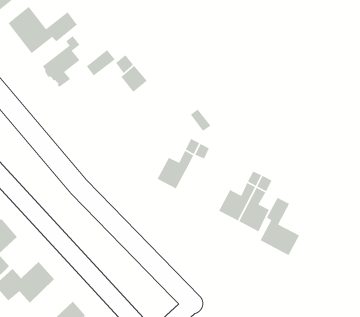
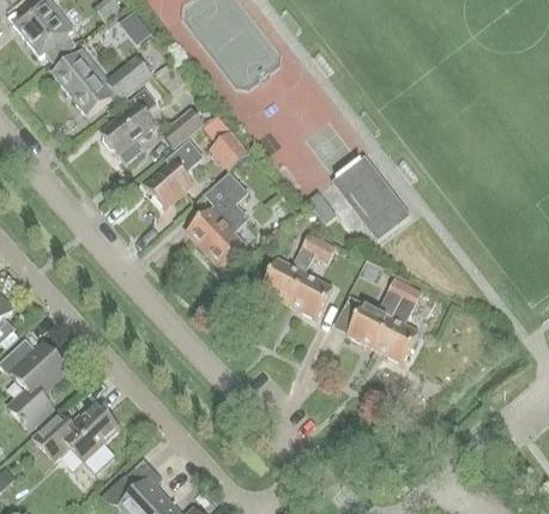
building: none -> [145,145,201,208]
building: none -> [332,155,410,240]
building: none -> [186,171,249,268]
building: none -> [288,272,333,318]
building: [260,197,300,256] -> none

